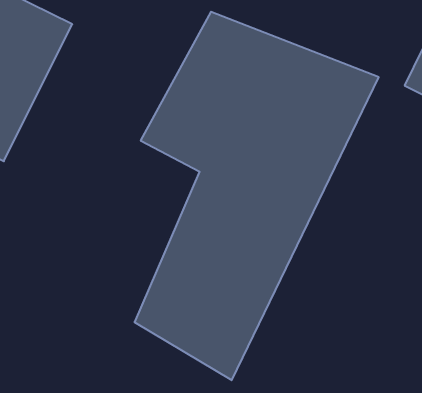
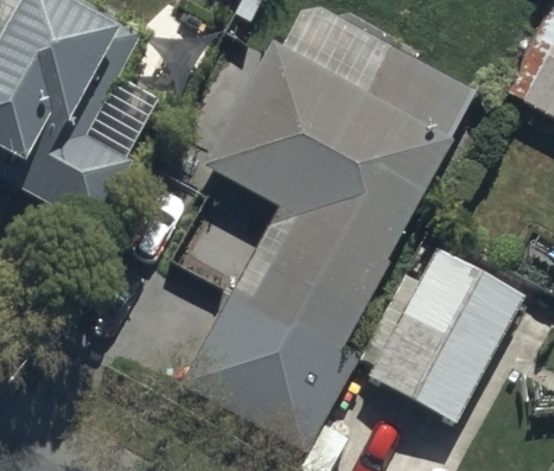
building: none -> [363,243,526,426]

